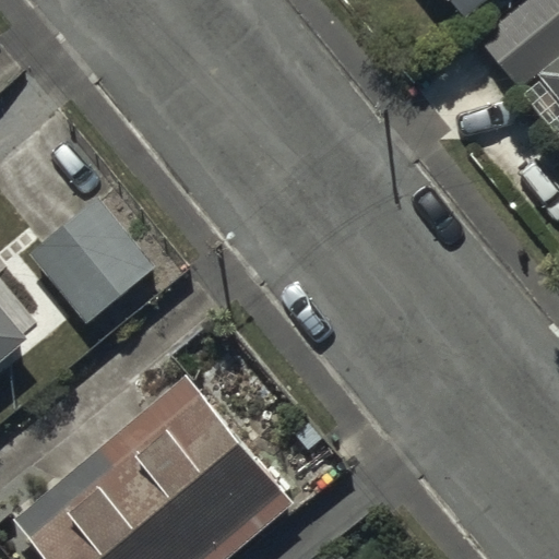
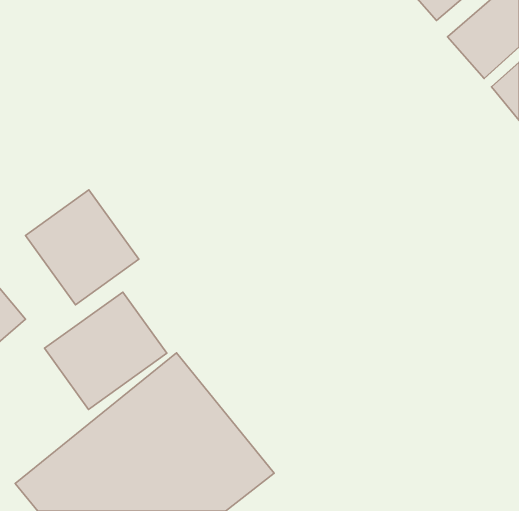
building: none -> [45,292,167,409]

